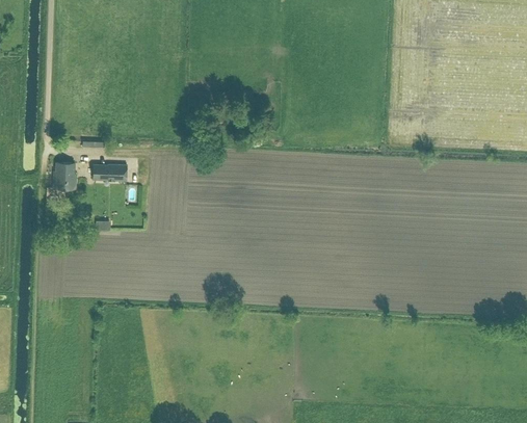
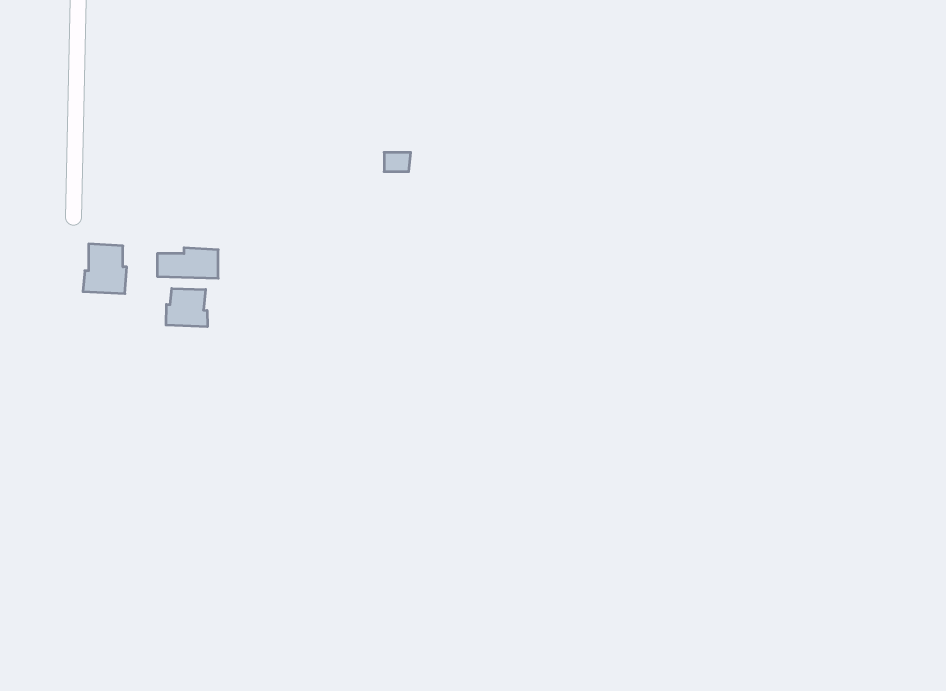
building: none -> [166,288,207,327]

